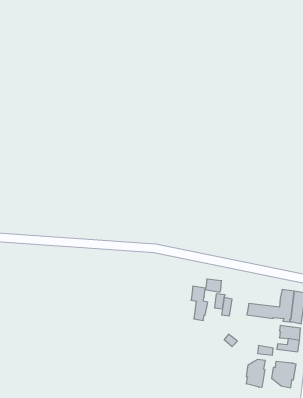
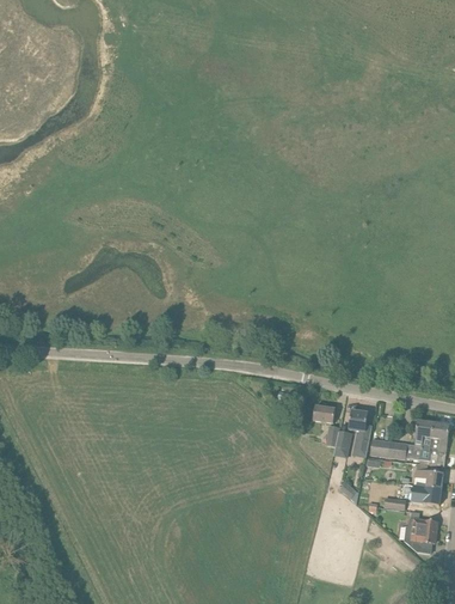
building: [191,286,208,320] -> [348,410,370,457]
building: [246,359,265,387] -> none

